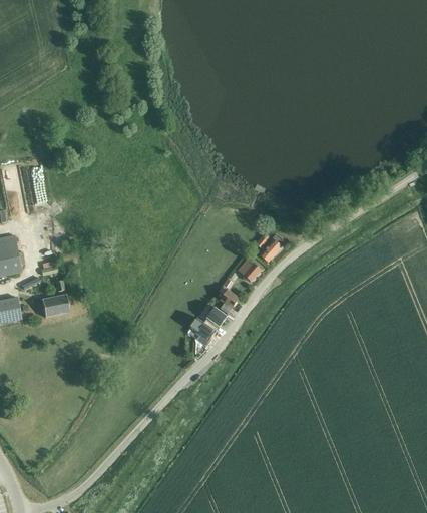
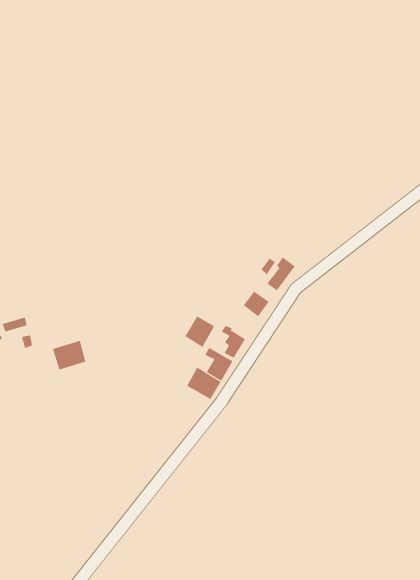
building: none -> [184,316,215,348]
building: [42,294,69,317] -> [52,340,86,370]

